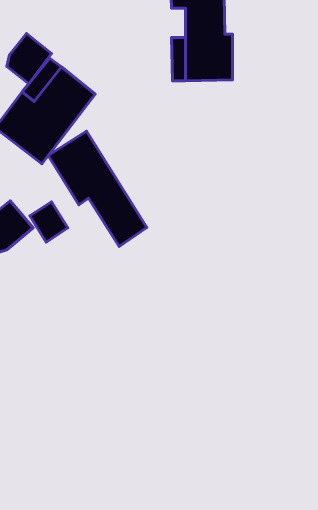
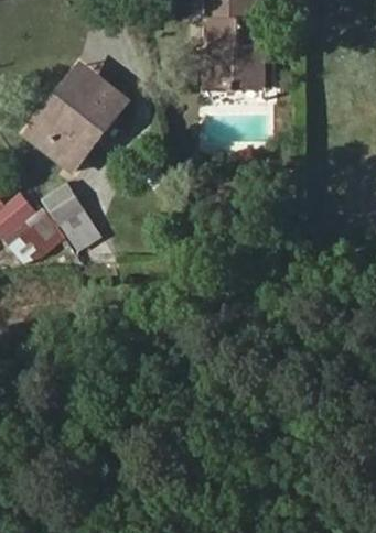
building: [7,33,52,84] -> none
building: [48,131,147,246] -> none
building: none -> [40,182,82,225]

